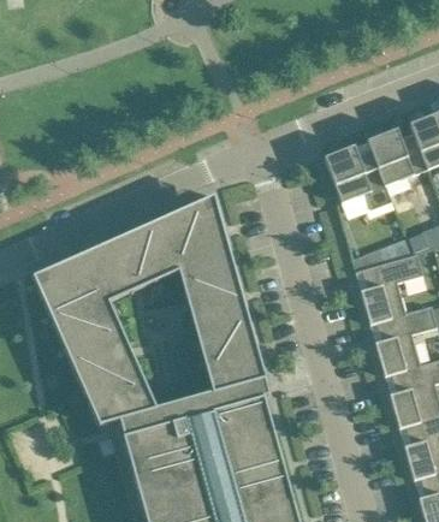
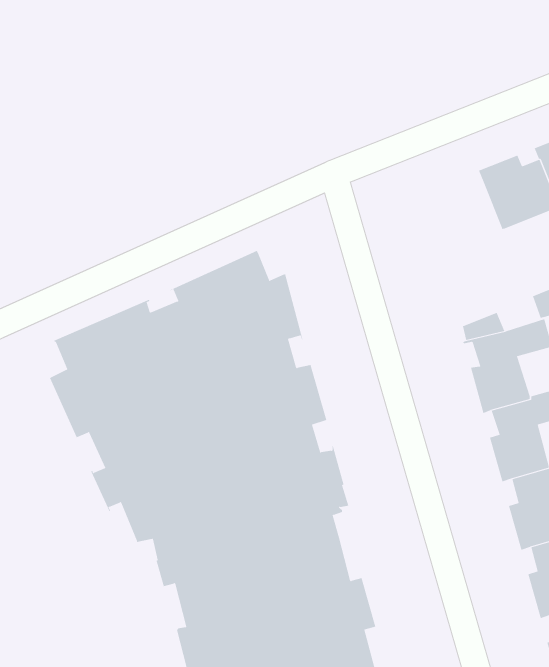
building: [322,146,391,209] -> none

